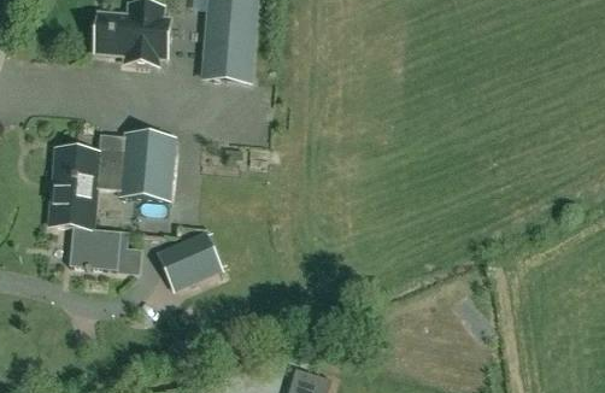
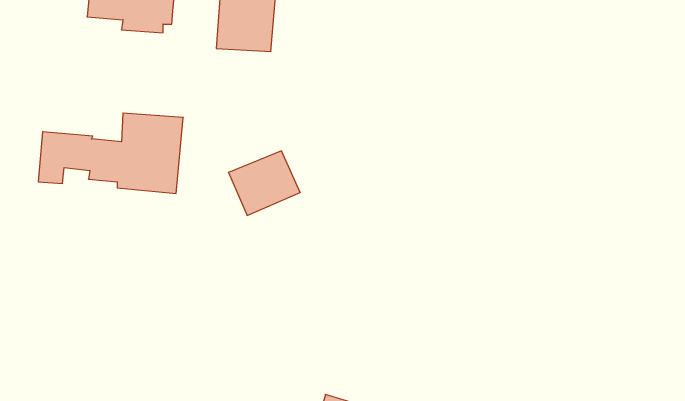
building: [51,177,122,269] -> none
building: [159,233,219,287] -> [228,151,300,215]

